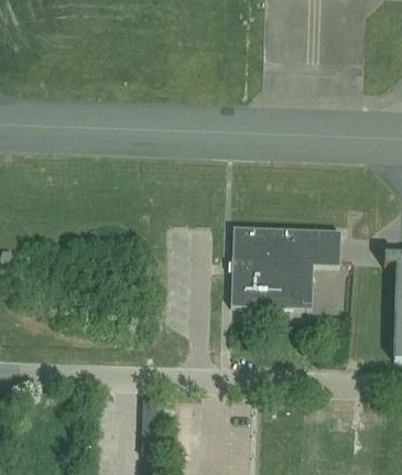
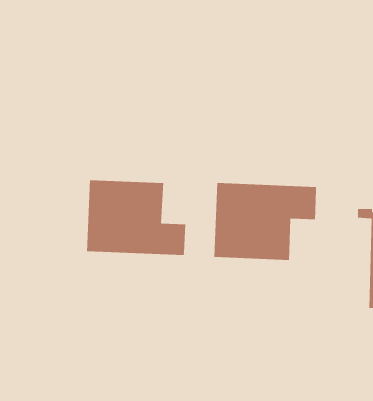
building: none -> [86,179,186,256]

